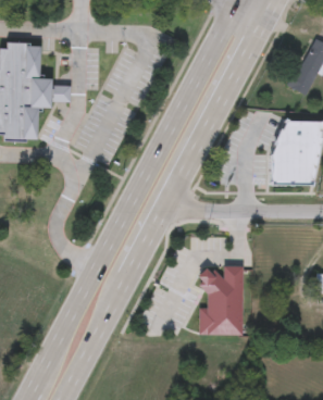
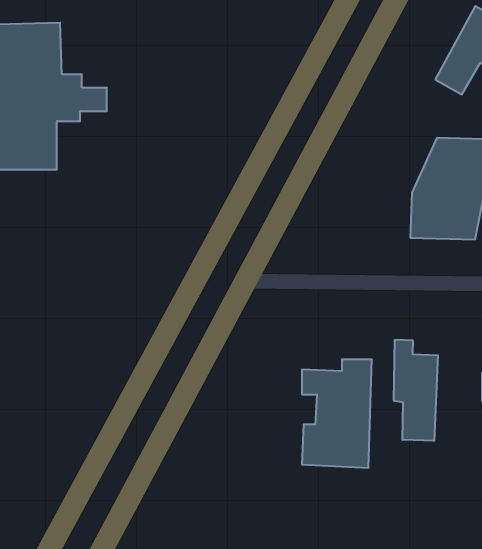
building: none -> [394,340,438,441]

